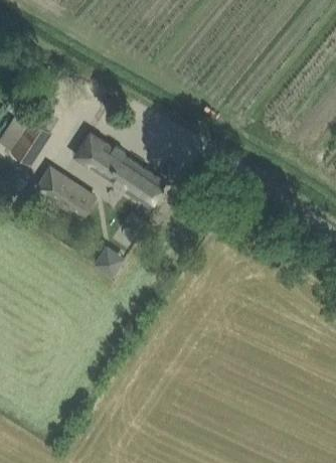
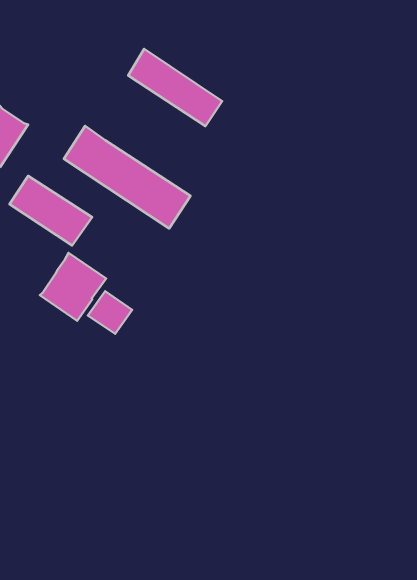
building: none -> [128,49,222,126]
building: none -> [40,253,106,321]

